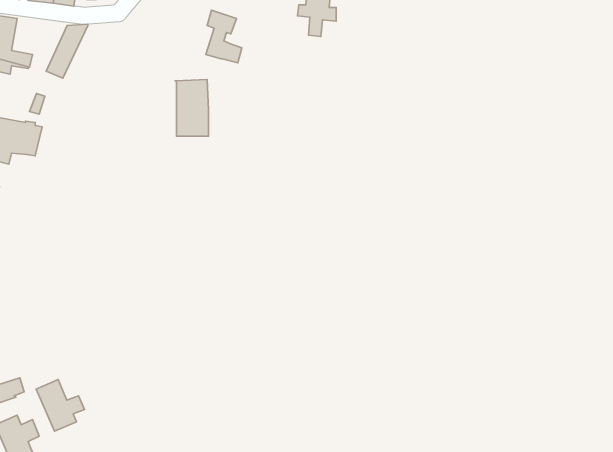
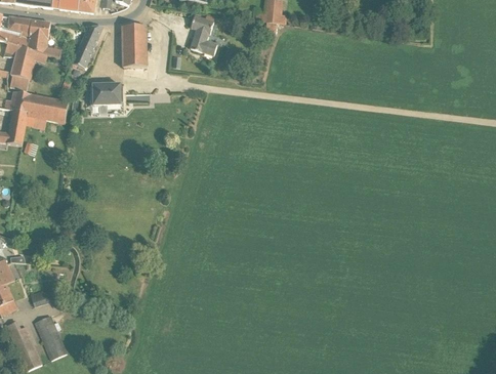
building: [175,79,208,136] -> [122,25,147,67]
building: none -> [89,83,123,113]
building: [36,380,85,431] -> none

